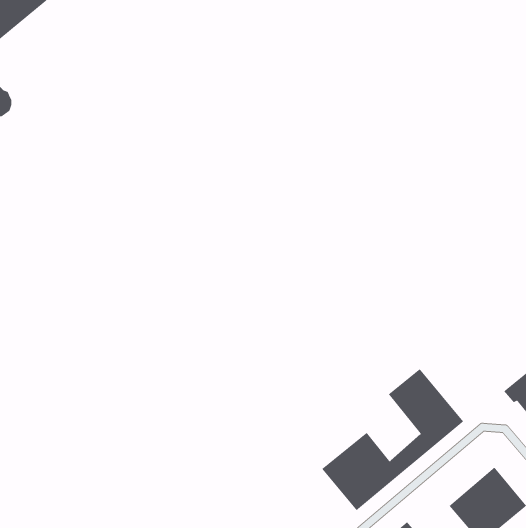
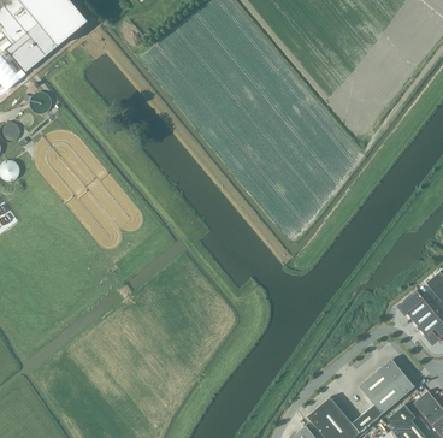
building: [321,368,464,511] -> none

